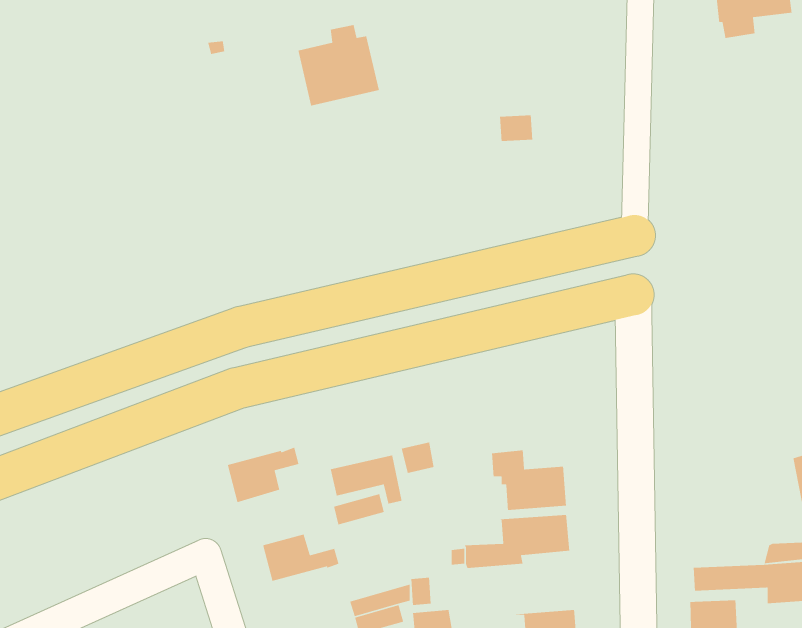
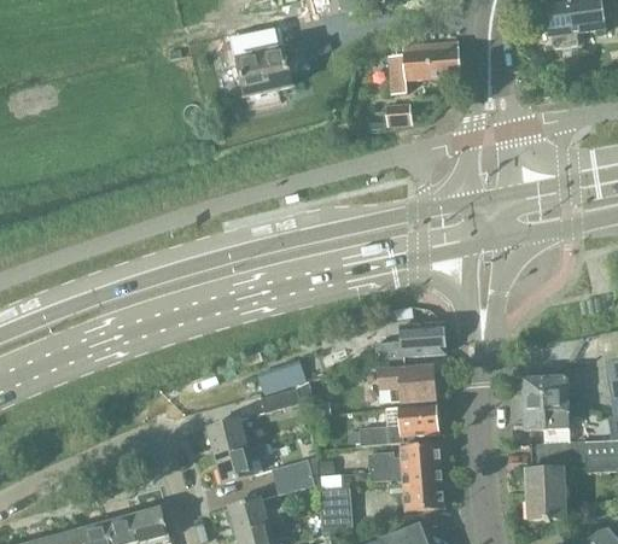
building: none -> [389,42,460,94]
building: none -> [377,322,447,358]
building: [227,447,300,503] -> [215,441,269,484]
building: none -> [523,378,569,429]
building: none -> [368,444,442,480]

